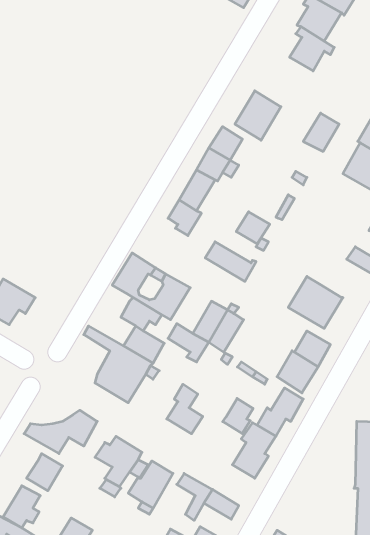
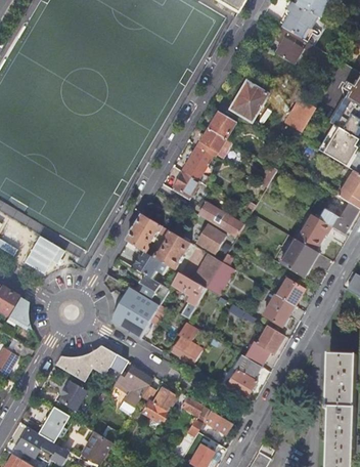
building: [236,212,270,244] -> [197,225,225,252]
building: none -> [298,215,332,251]
building: [223,398,253,434] -> none

